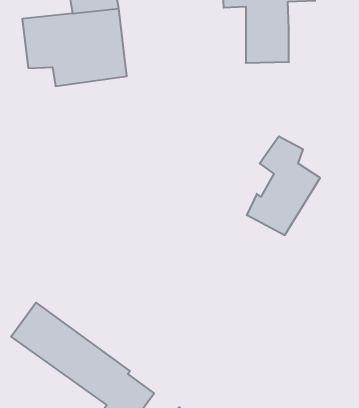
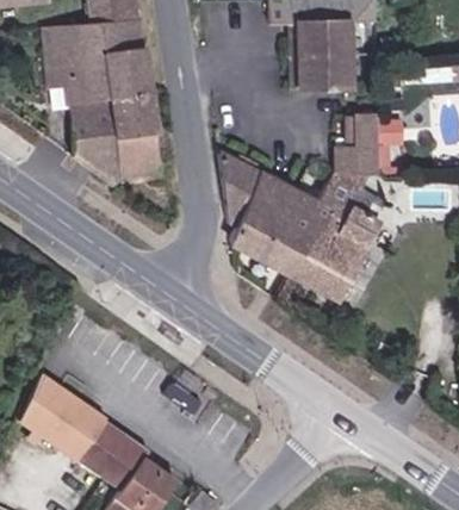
building: none -> [70,106,166,191]
building: none -> [335,113,382,192]
building: none -> [221,150,329,270]

